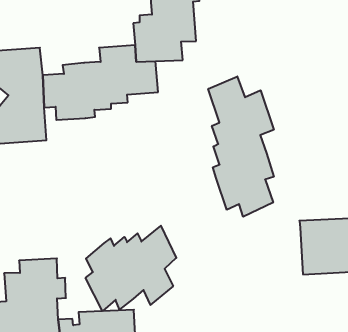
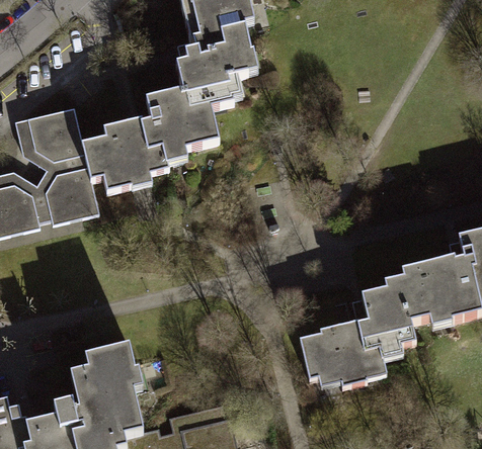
building: [208,76,274,217] -> none
building: [86,226,176,311] -> none
building: none -> [300,273,417,381]

